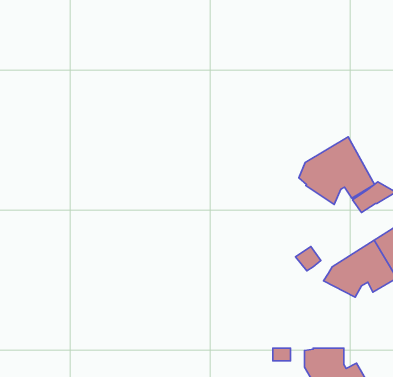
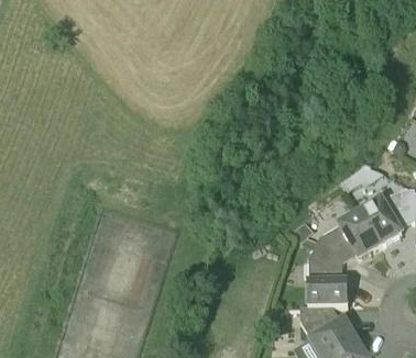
building: [299,137,374,204] -> none
building: none -> [307,247,348,305]

